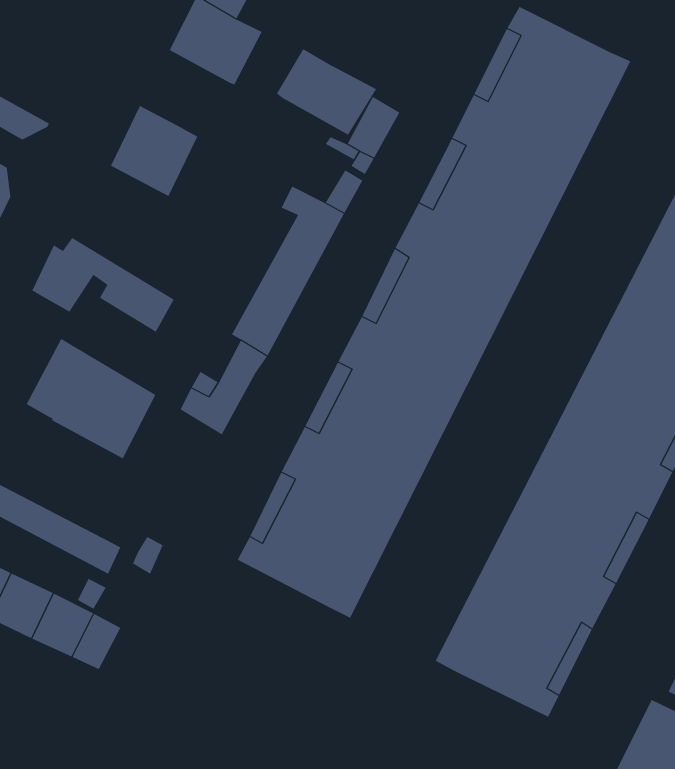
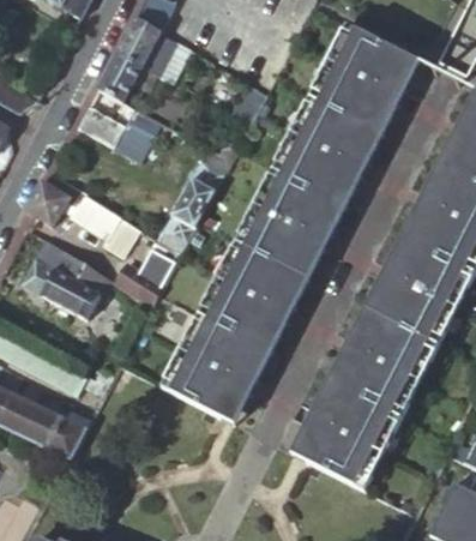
building: [276,48,377,135] -> none
building: none -> [97,53,156,102]
building: none -> [116,109,162,162]

